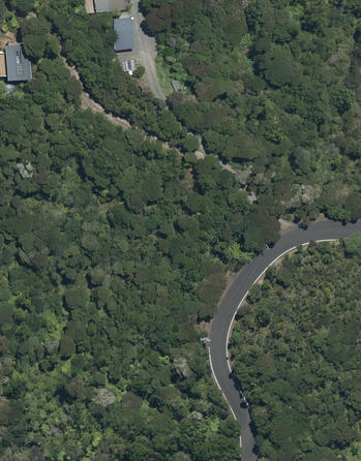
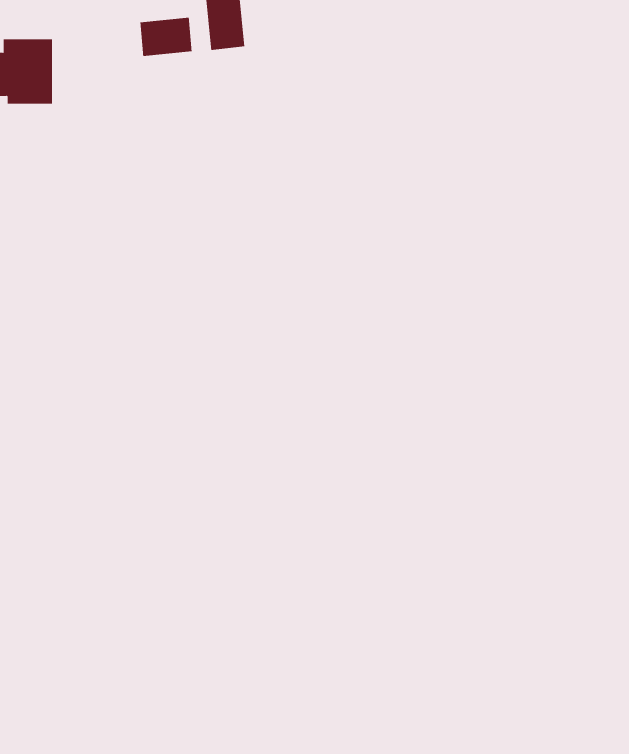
building: none -> [140,17,192,57]

